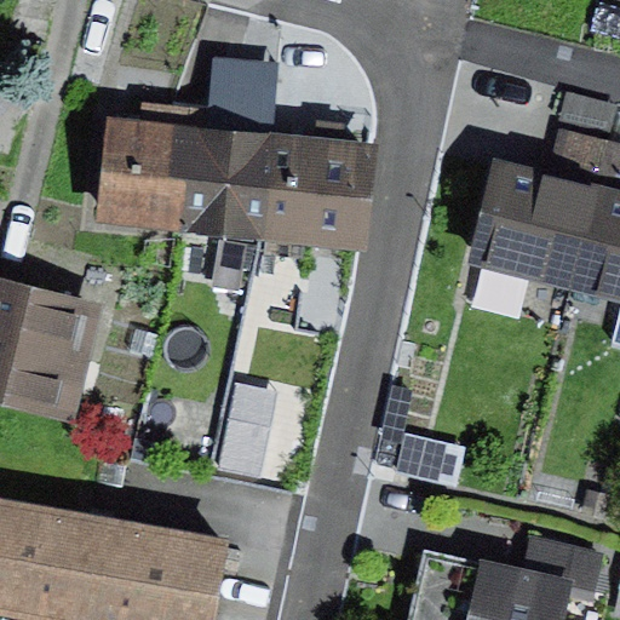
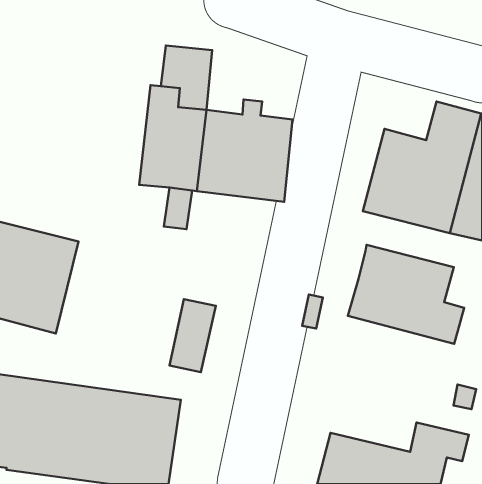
building: [96,103,193,236] -> none
building: none -> [348,245,464,344]

